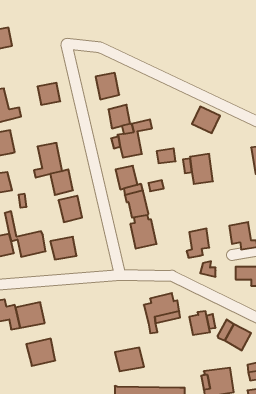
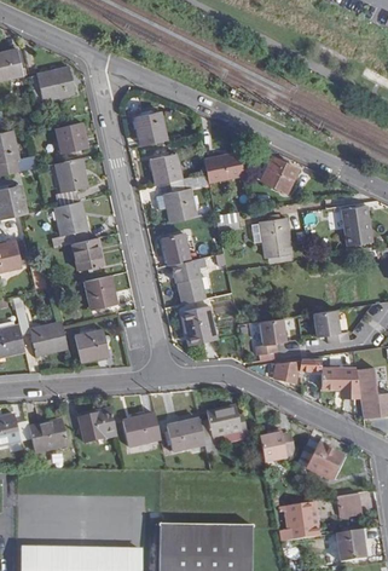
building: none -> [30,68,76,100]
building: none -> [204,152,245,183]
building: none -> [56,157,88,207]
building: none -> [121,411,158,443]
building: [26,339,55,366] -> [76,404,115,440]
building: [115,348,144,371] -> [166,417,204,449]

